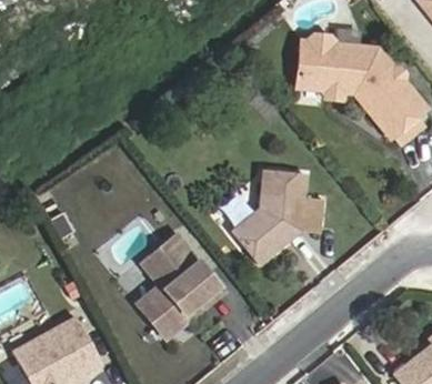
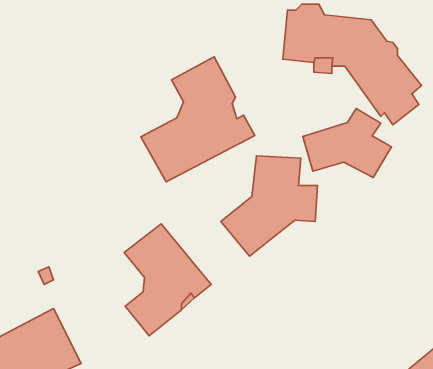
building: none -> [141,57,255,182]
building: none -> [303,109,392,177]

